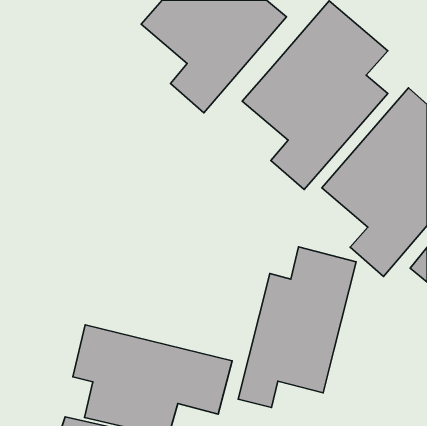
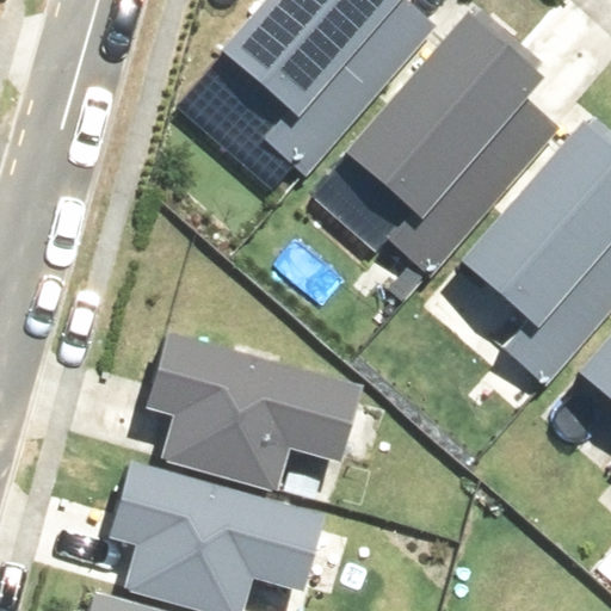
building: none -> [156,331,384,494]
building: [238,247,356,407] -> none

